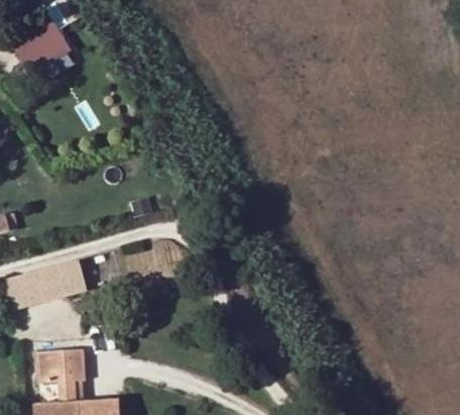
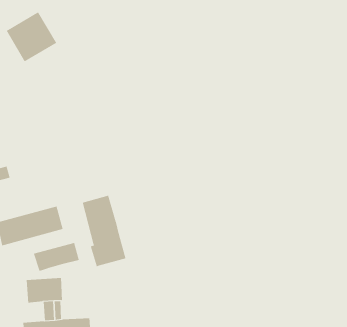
building: none -> [82,195,126,267]
building: none -> [33,242,79,272]

